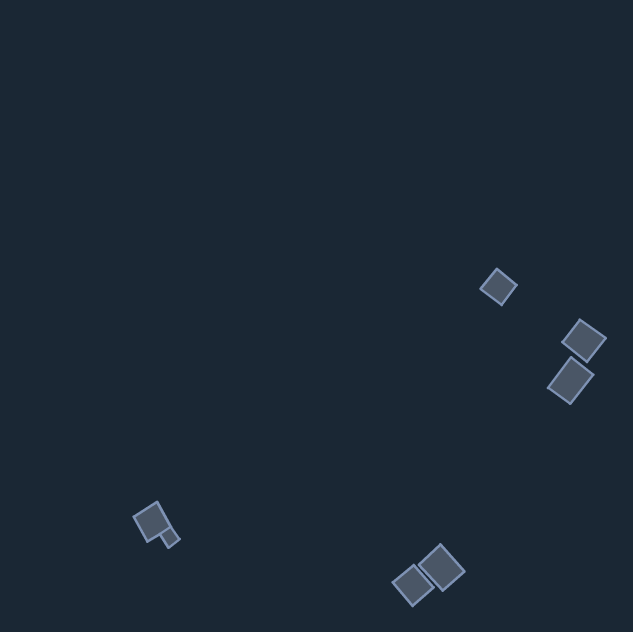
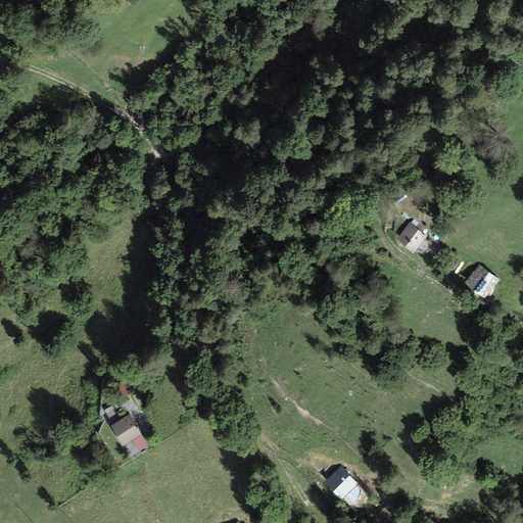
building: [548,357,593,404] -> none
building: [419,544,464,591] -> none

